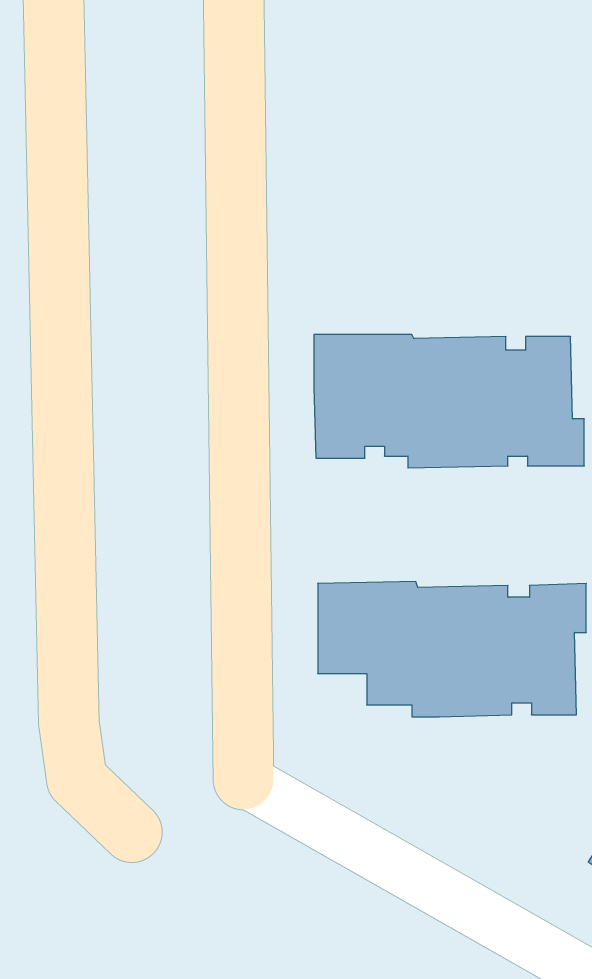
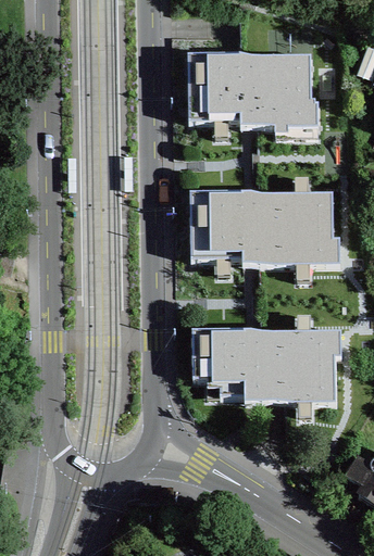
building: none -> [188,53,319,127]

